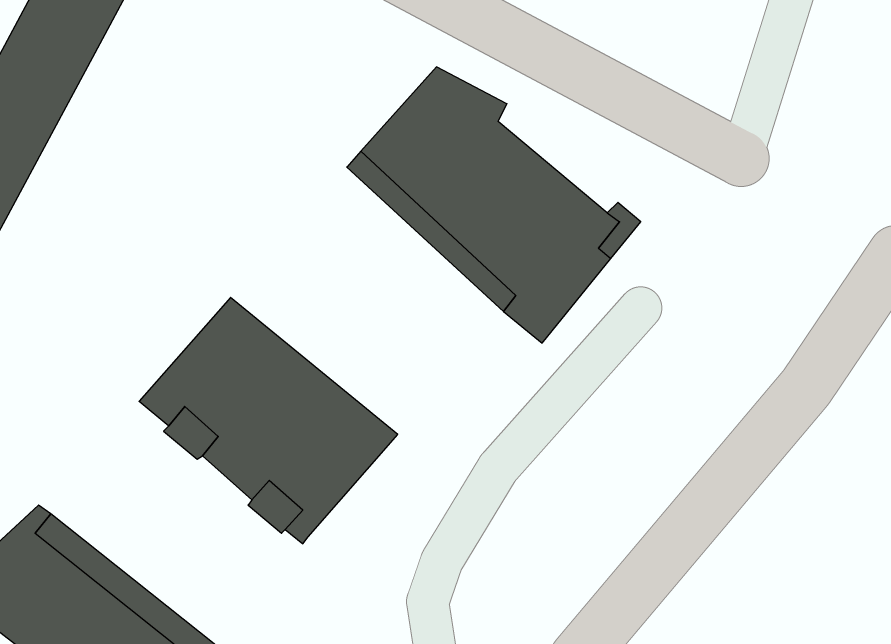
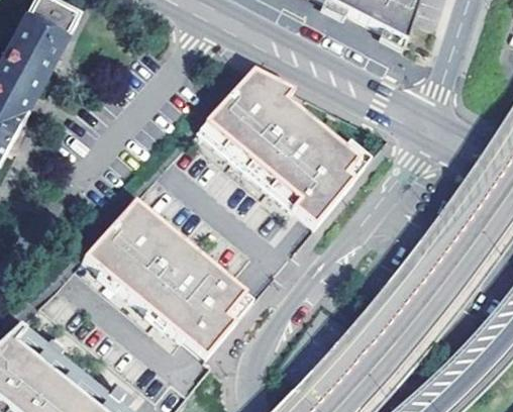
building: none -> [178,279,251,359]

